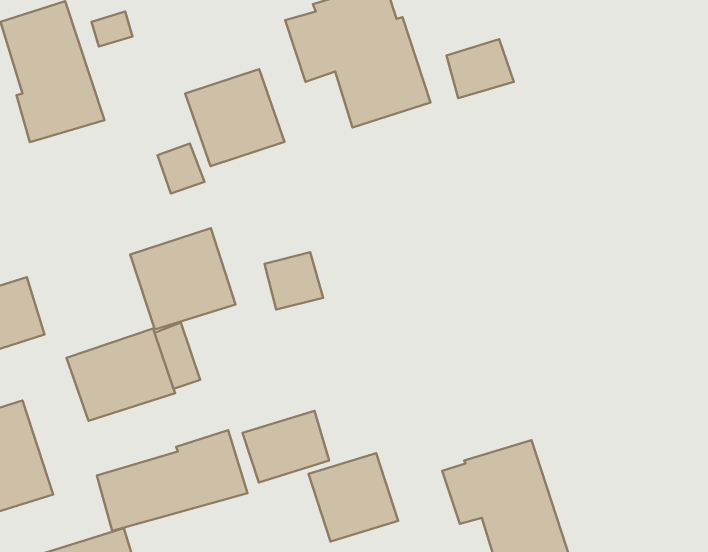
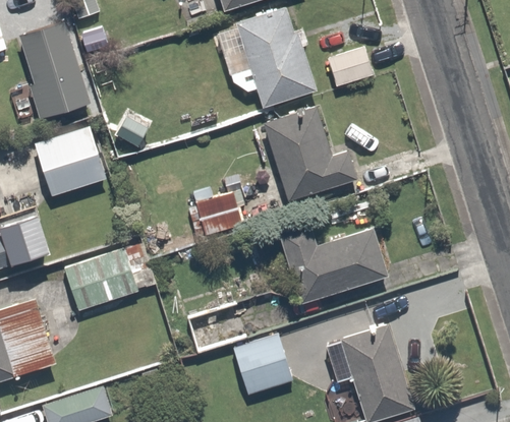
building: [185,69,285,166] -> none
building: none -> [263,106,356,200]
building: [130,228,236,329] -> [34,126,107,196]
building: none -> [278,222,389,304]
building: [97,430,248,531] -> none

